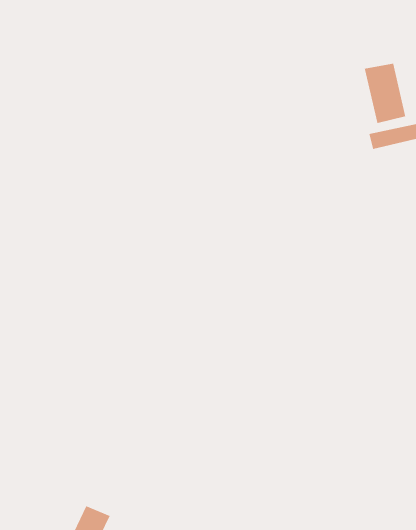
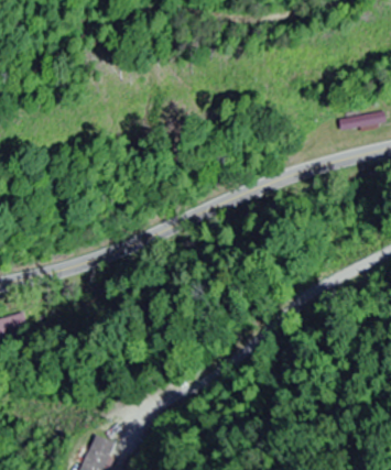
building: [364,63,406,124] -> none

